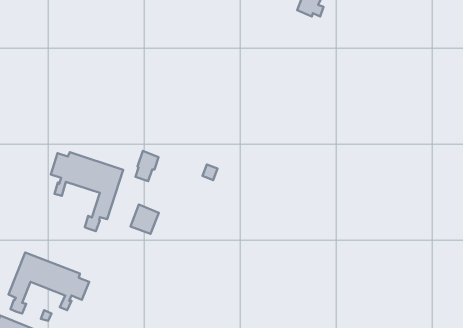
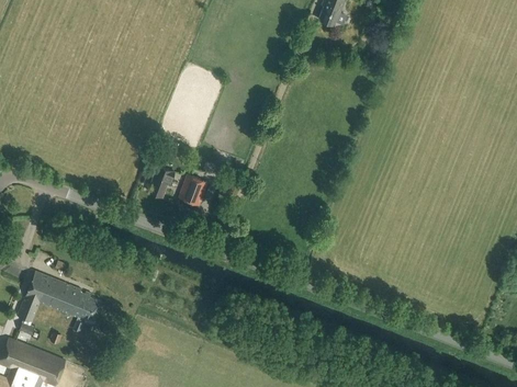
building: [51,152,123,231] -> none
building: [130,204,159,234] -> [178,174,207,205]

